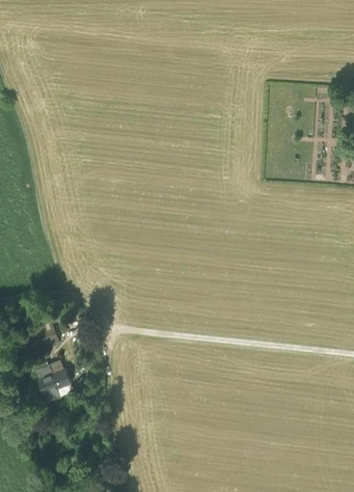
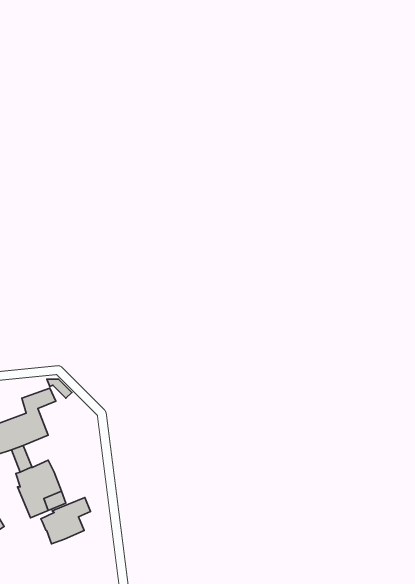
building: none -> [41,498,91,544]

